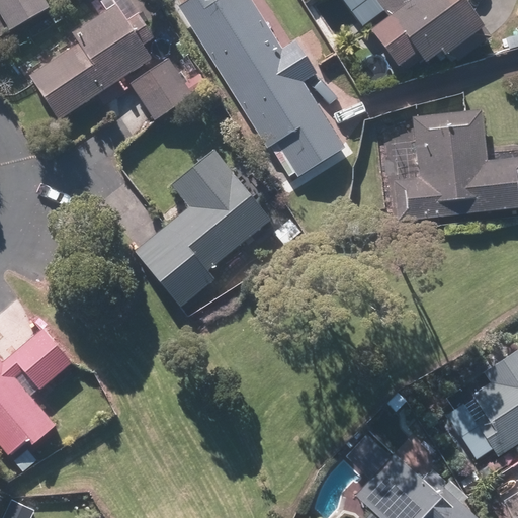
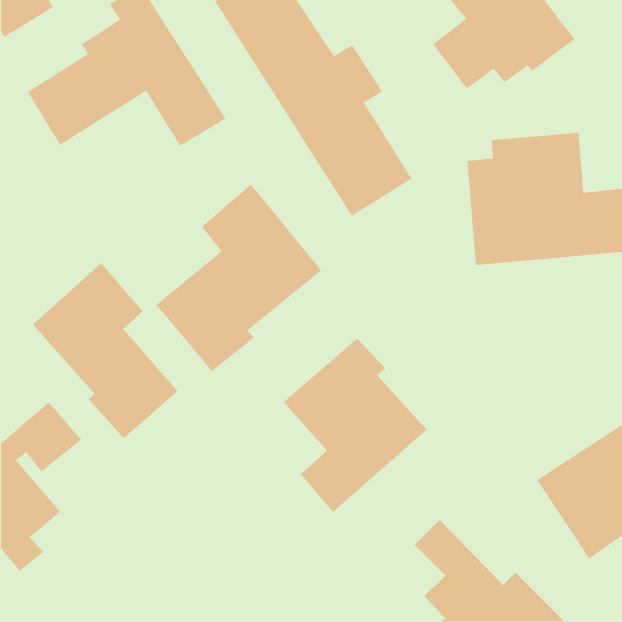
building: none -> [32,262,179,439]
building: none -> [283,337,428,513]

